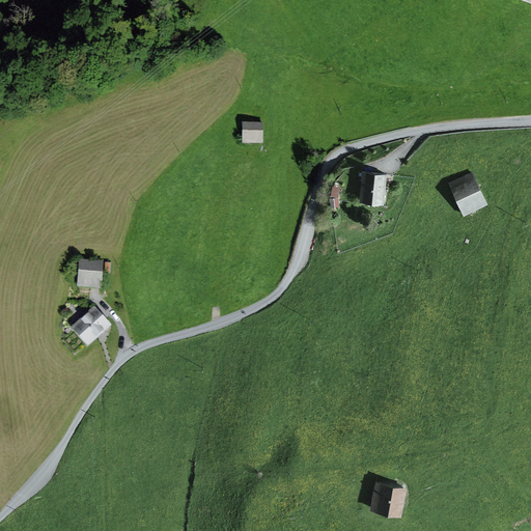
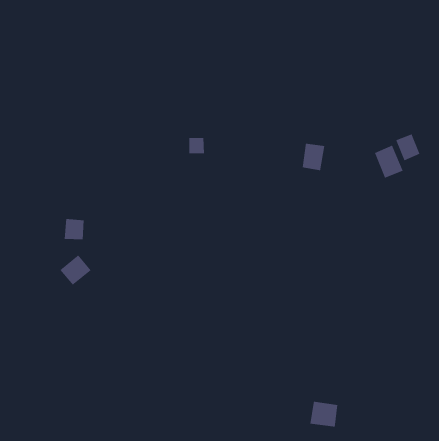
building: [243,123,262,143] -> [189,137,205,154]
building: none -> [395,134,420,161]

